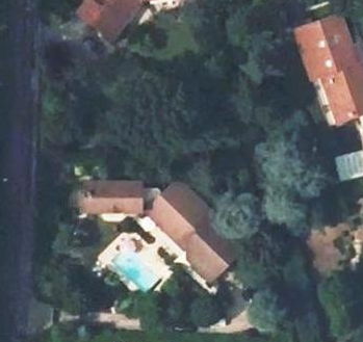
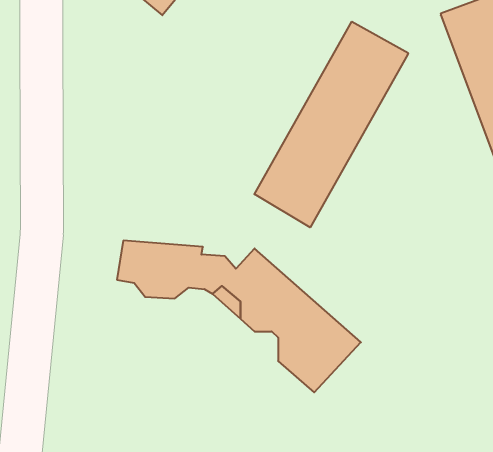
building: none -> [254,22,408,227]

